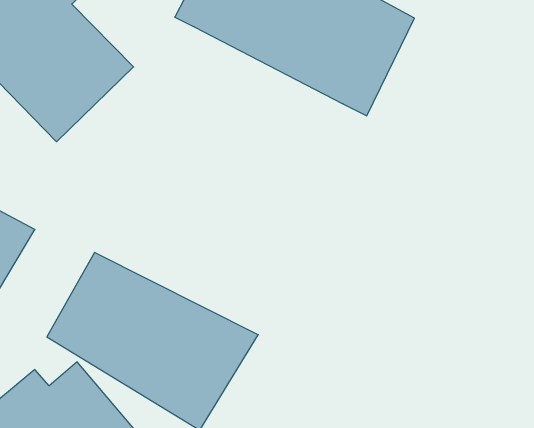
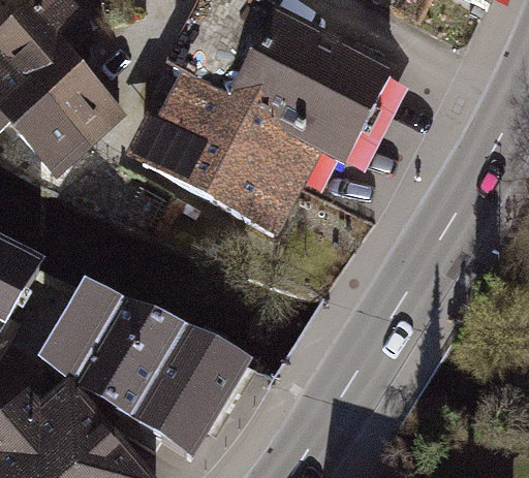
building: none -> [142,71,328,230]

